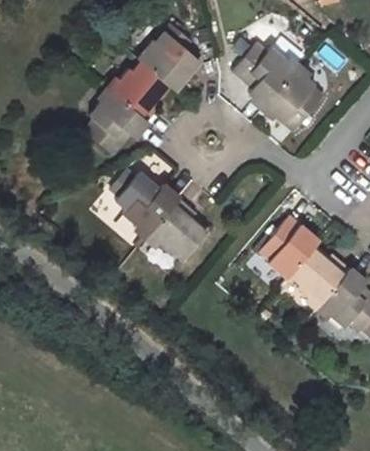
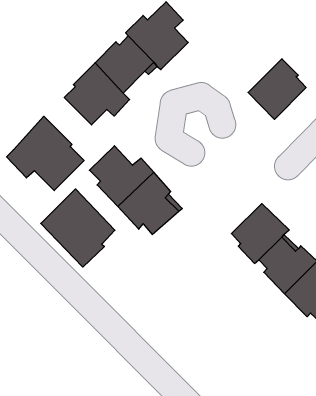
building: [234,44,296,107] -> none
building: none -> [7,116,84,191]
building: none -> [41,189,115,267]

